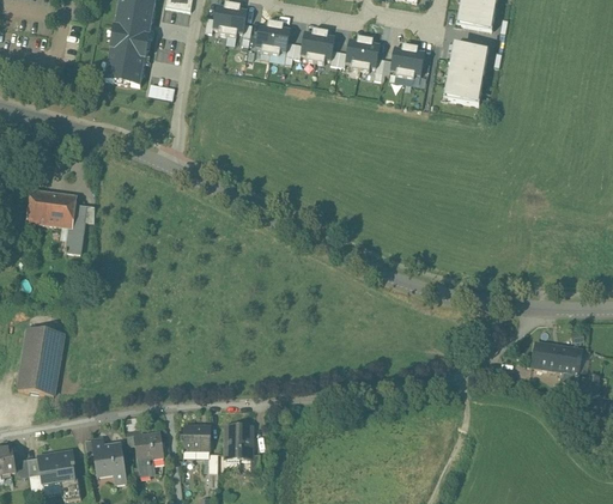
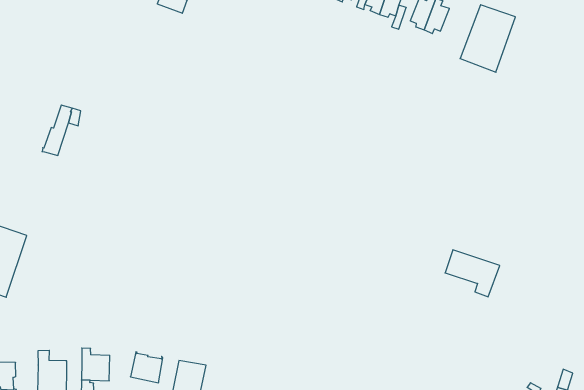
building: [26,189,75,227] -> none
building: [530,342,581,381] -> [445,250,500,297]

